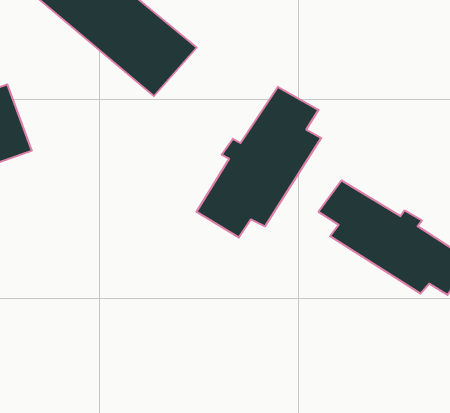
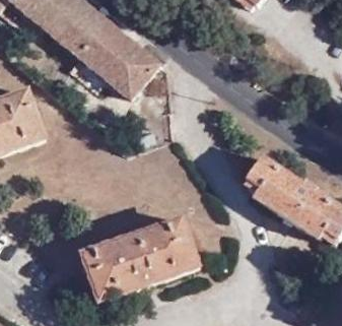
building: [196,87,321,238] -> none
building: none -> [84,219,198,298]

